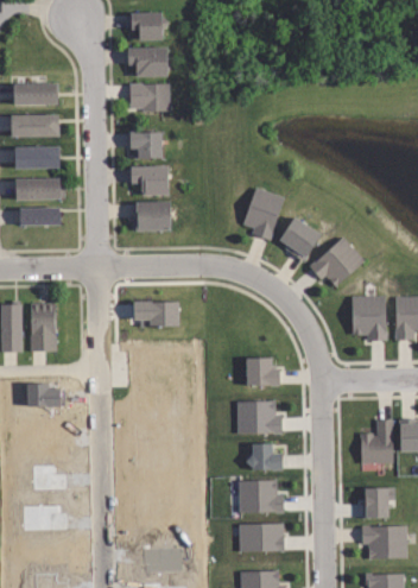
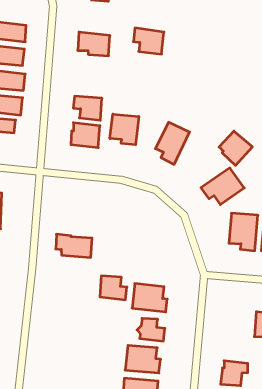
building: [129,48,167,77] -> [133,28,164,54]
building: [131,133,160,158] -> none
building: none -> [110,114,139,145]
building: [278,217,321,261] -> [219,131,252,165]
building: [132,301,179,327] -> [56,234,92,257]
building: [246,358,280,386] -> [100,276,127,300]
building: [360,419,392,462] -> none

